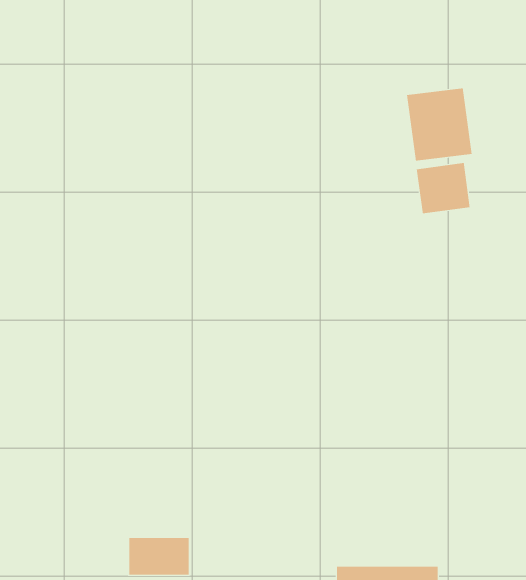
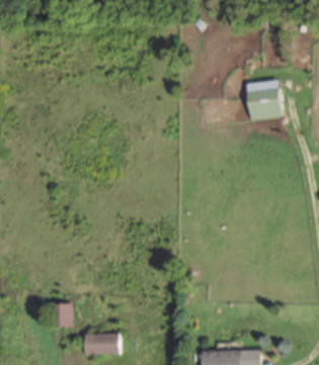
building: [416,162,470,214] -> none
building: none -> [55,303,75,326]

